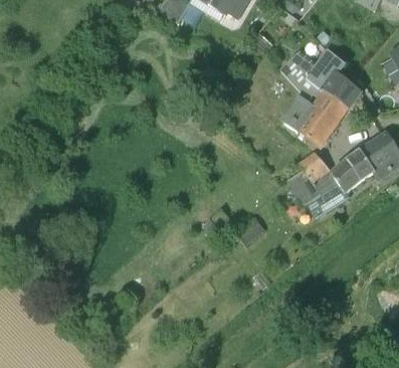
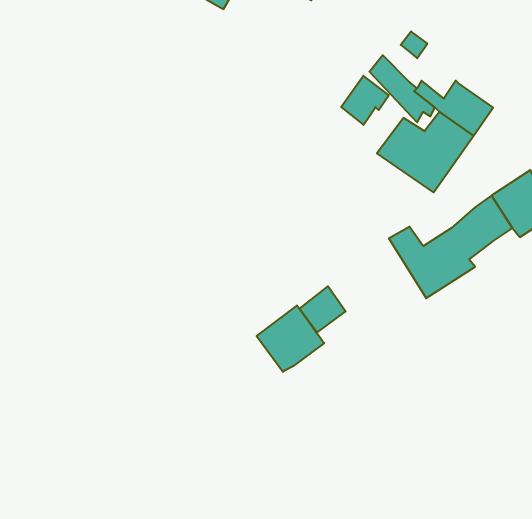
building: [313,50,345,83] -> [341,76,389,125]
building: [300,152,333,183] -> none
building: none -> [257,305,324,372]

